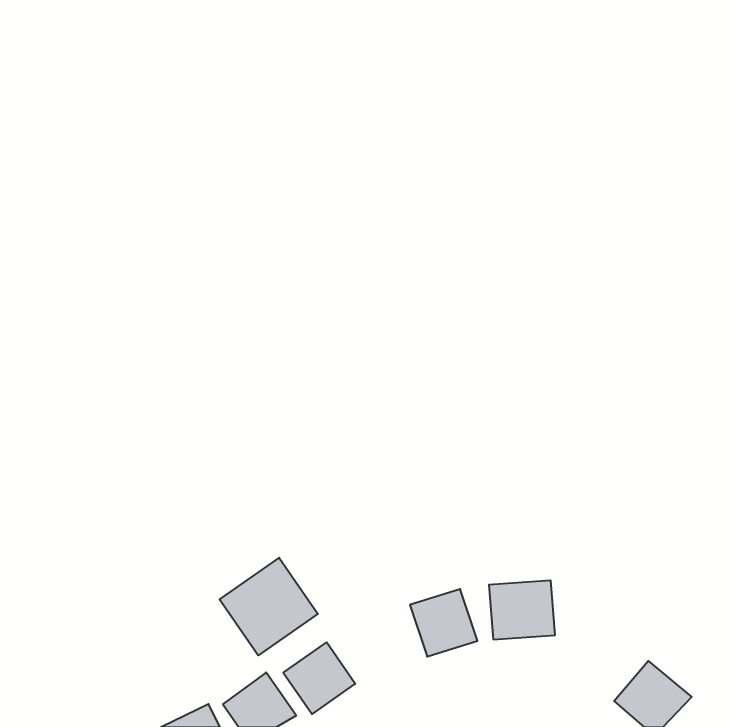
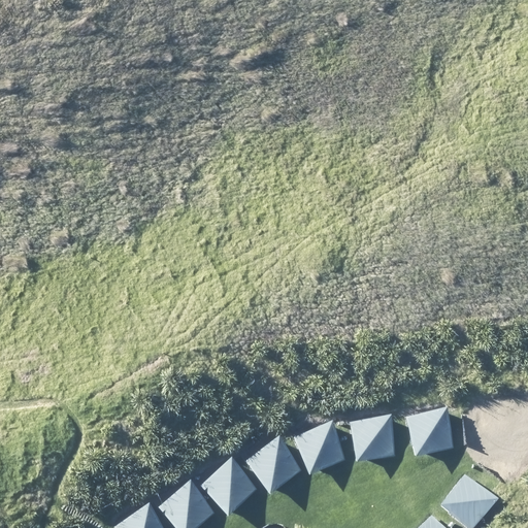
building: [220,558,318,655] -> none
building: none -> [406,407,457,454]
building: none -> [246,438,299,491]

